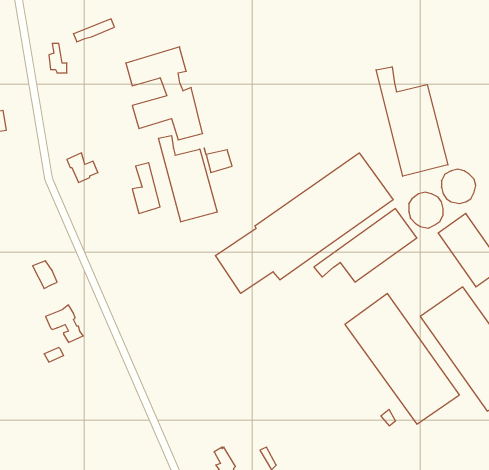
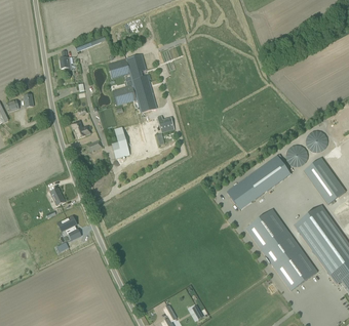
building: [376,67,448,176] -> none
building: [158,136,217,222] -> none
building: [215,153,393,293] -> none

